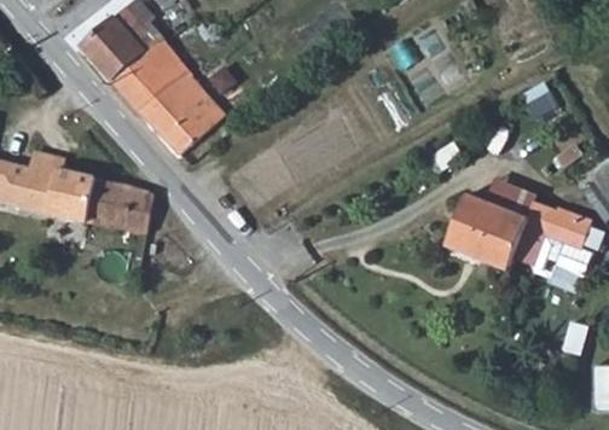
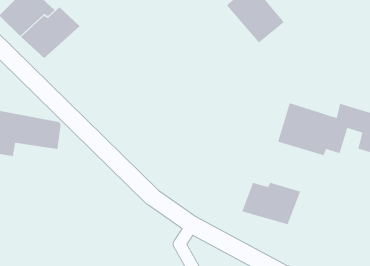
building: [137,65,222,152] -> none
building: none -> [241,182,301,225]

